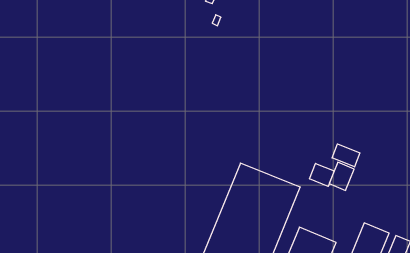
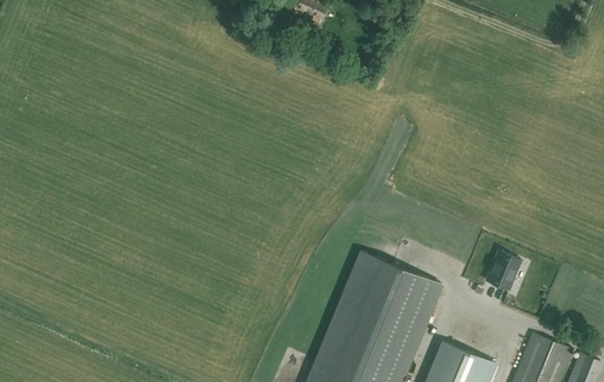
building: [332,144,360,167] -> none
building: [310,163,334,186] -> none

